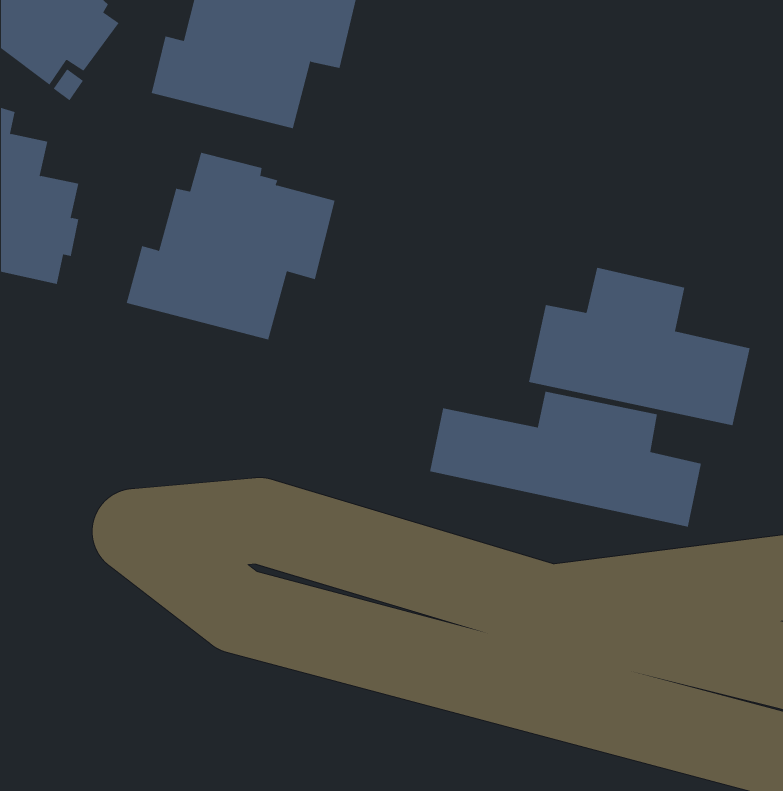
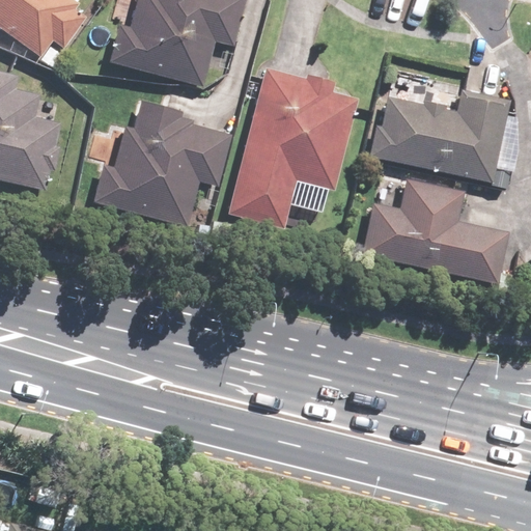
building: none -> [226,67,359,229]
building: none -> [368,89,510,187]
building: [429,391,701,527] -> none

